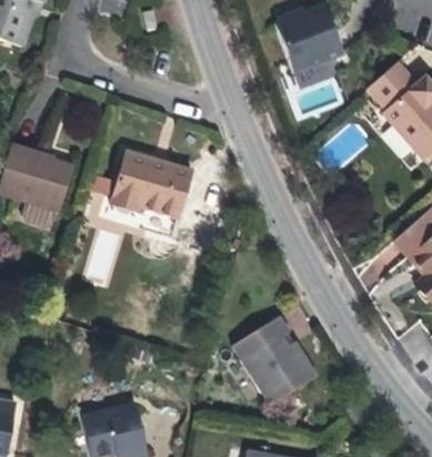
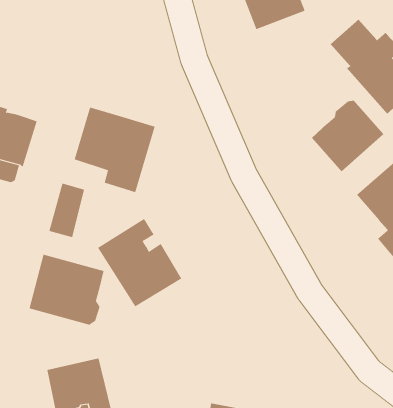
building: none -> [311,100,384,172]
building: none -> [29,254,104,325]
building: [232,315,318,405] -> [97,218,182,307]

